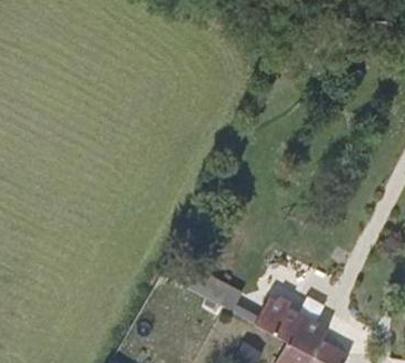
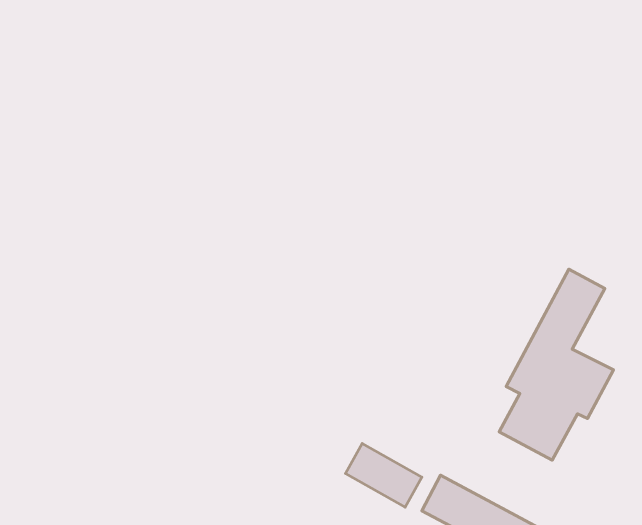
building: none -> [499,269,613,460]

